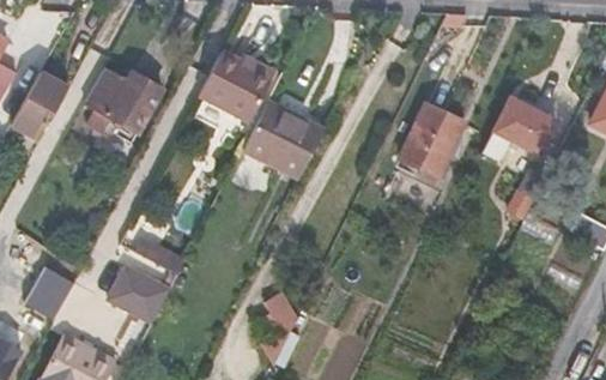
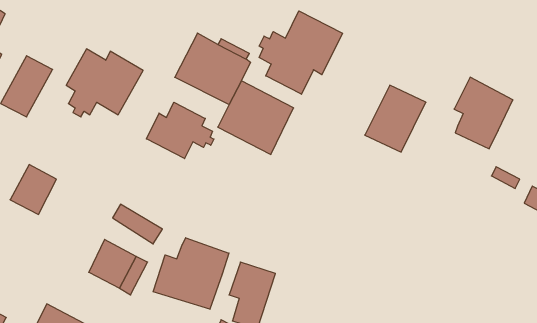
building: none -> [259,11,342,94]
building: none -> [146,102,214,159]
building: none -> [153,238,229,309]
building: [24,269,73,321] -> [10,165,56,214]

